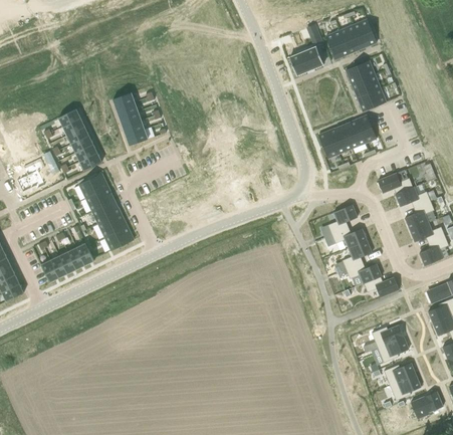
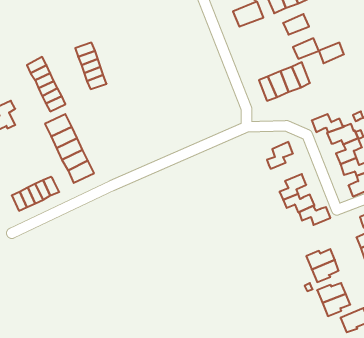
building: [352,74,380,97] -> [319,43,344,63]
building: [331,227,367,248] -> none

